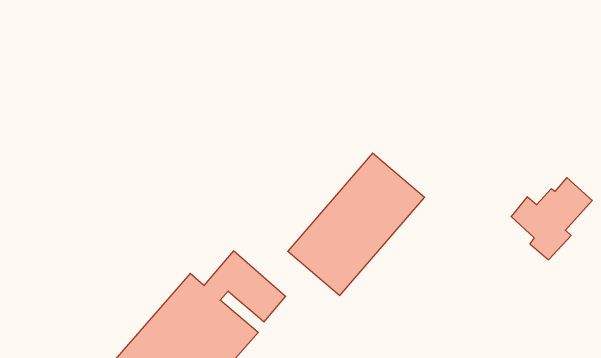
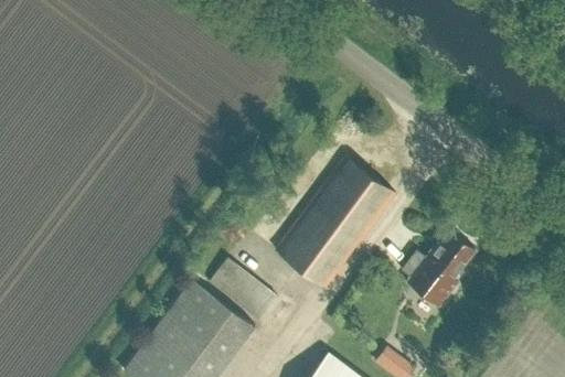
building: [511,178,592,260] -> [403,234,475,309]

